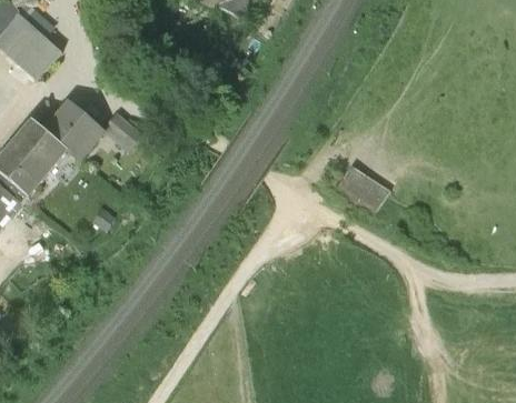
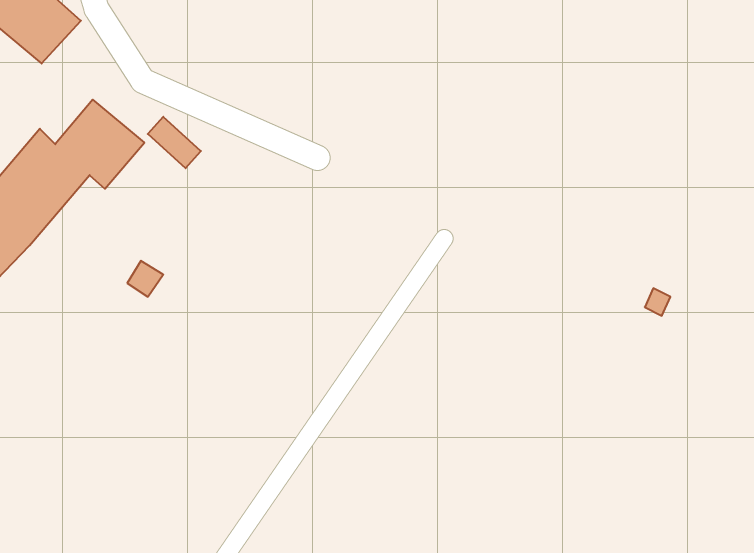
building: [339,164,391,211] -> none

